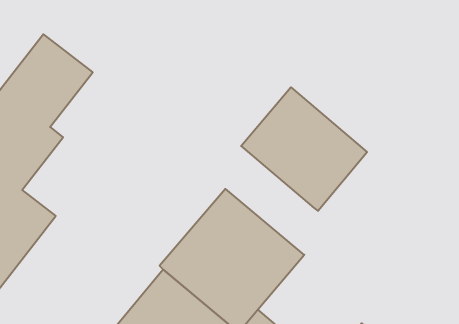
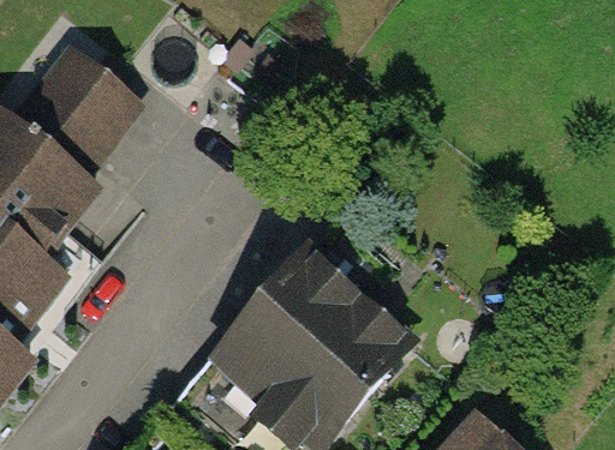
building: [241,87,367,211] -> none

